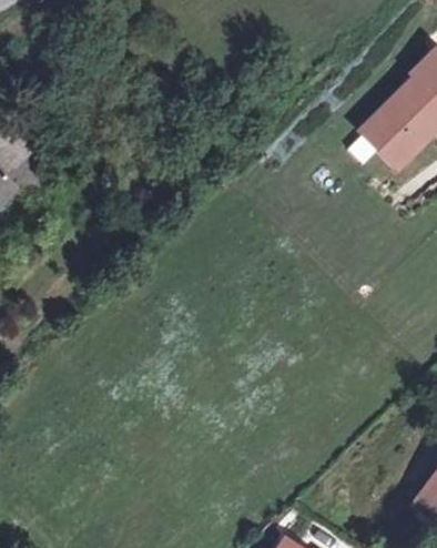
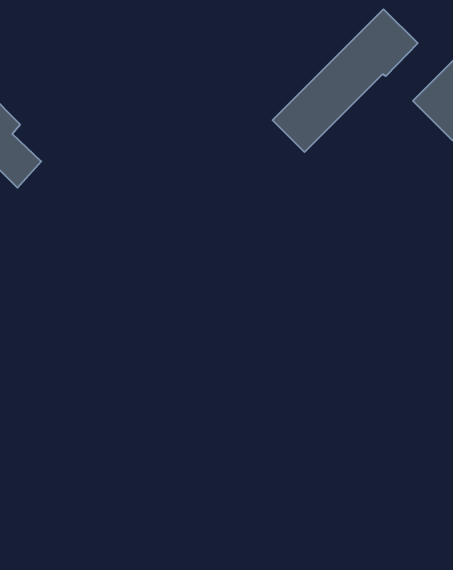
building: none -> [273,9,418,152]

